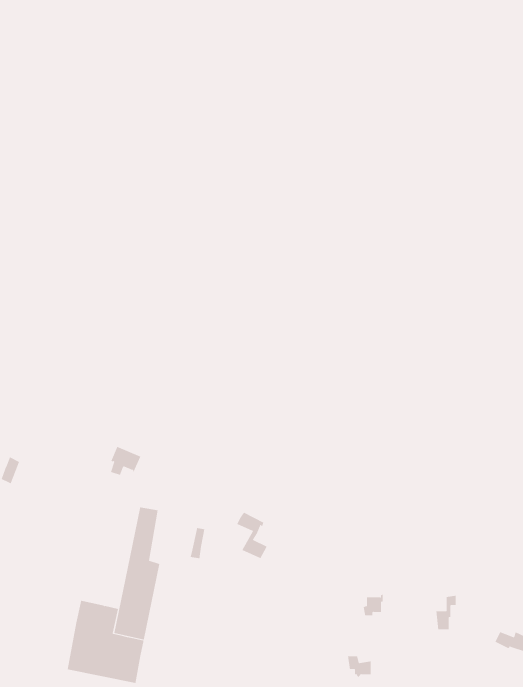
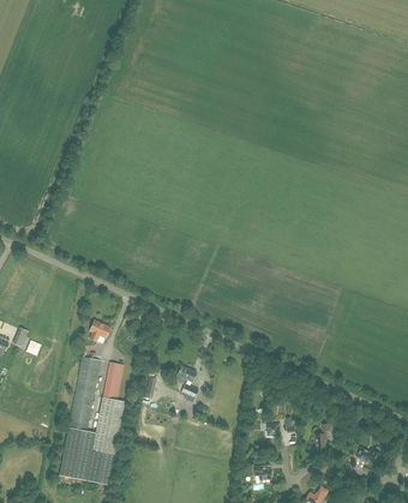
building: none -> [70,355,101,429]

